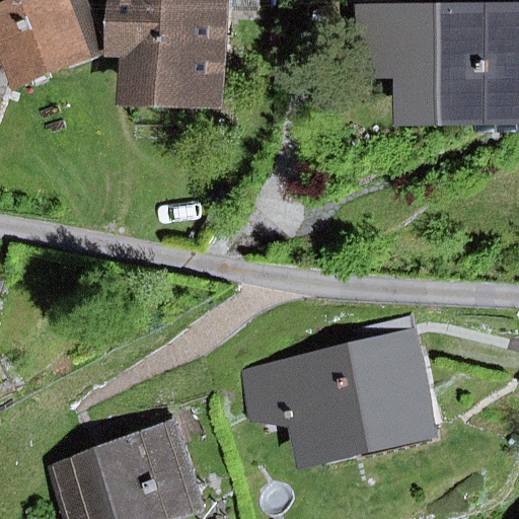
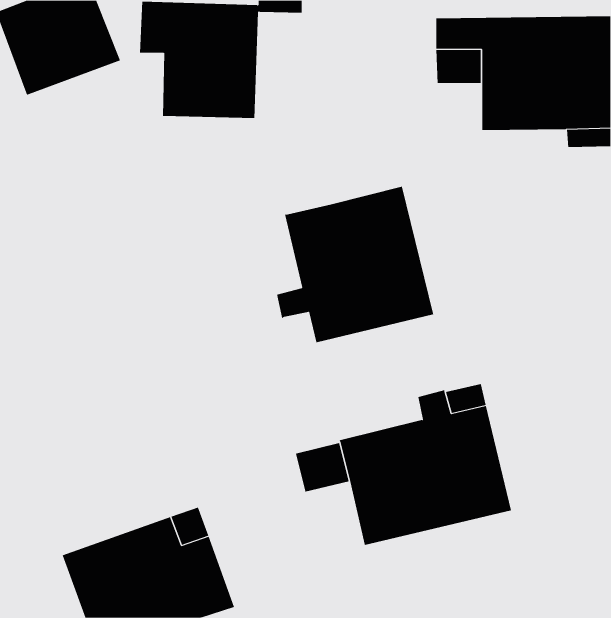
building: none -> [276,186,434,343]

